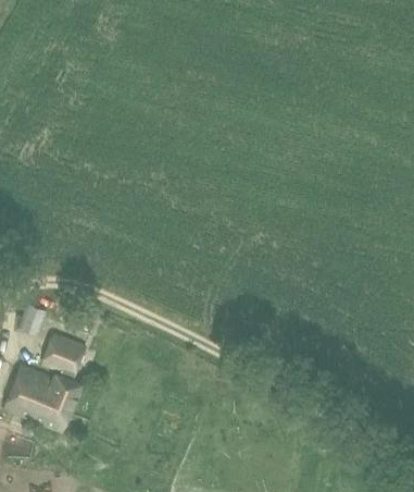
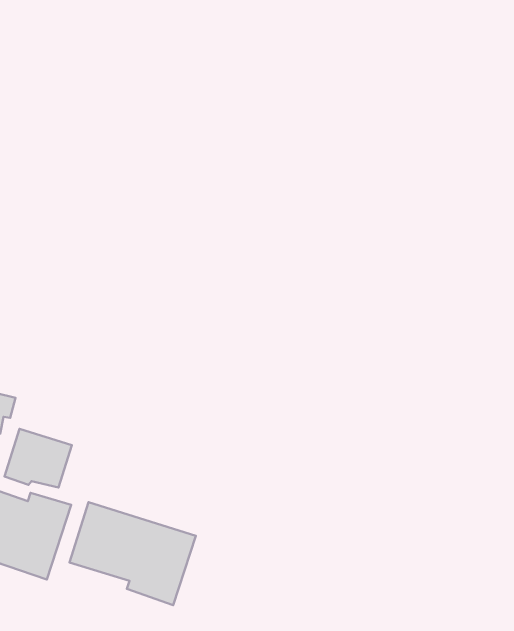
building: none -> [70,502,196,605]

